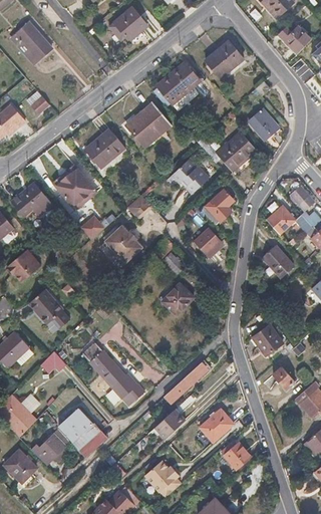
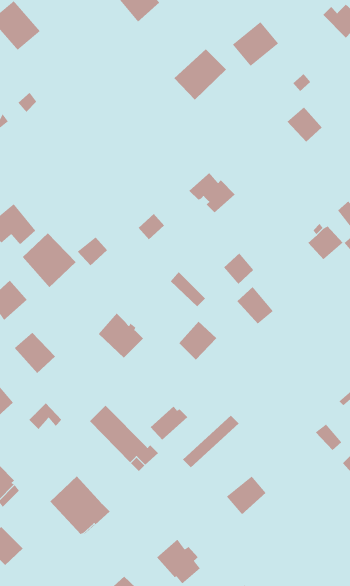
building: [127,101,171,146] -> none
building: [84,128,125,169] -> none
building: [200,131,257,170] -> none
building: [55,164,99,209] -> [22,232,76,288]
building: [206,188,238,223] -> none
building: [105,226,142,263] -> [98,313,144,358]
building: [264,244,294,275] -> [237,286,274,325]
building: [252,325,282,356] -> none
building: [155,409,187,437] -> [150,406,188,441]
building: [24,433,65,463] -> none
building: [225,441,252,468] -> none

